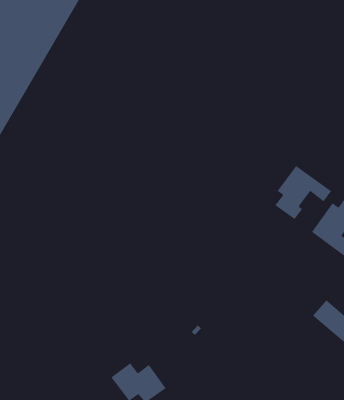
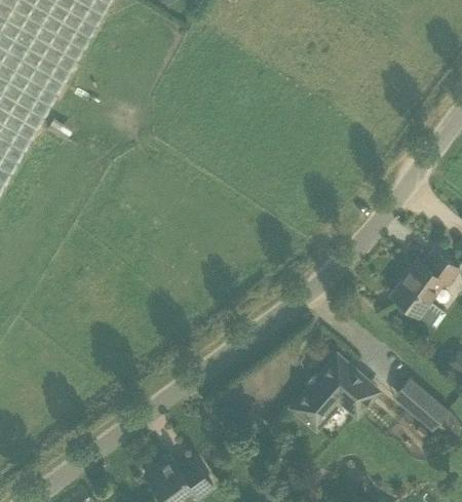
building: [275,165,332,220] -> none
building: none -> [293,355,376,425]

